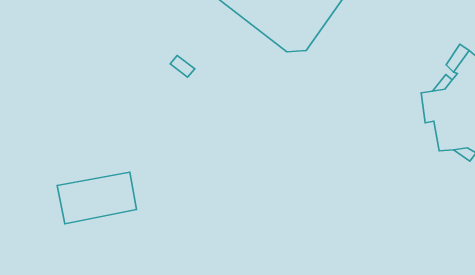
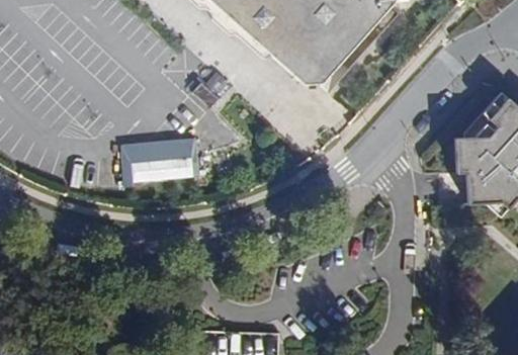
building: [57,172,137,224] -> [121,137,202,185]

